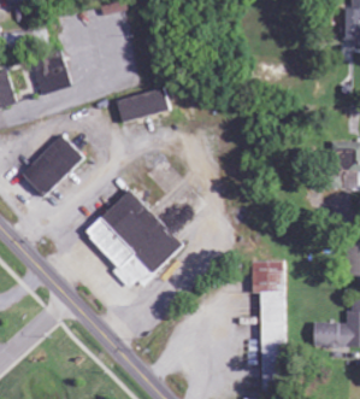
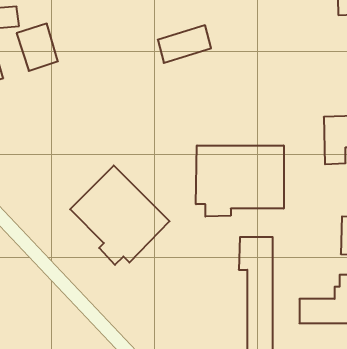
building: [116,86,169,123] -> [158,25,211,63]
building: [20,134,84,196] -> none
building: none -> [196,145,284,217]

